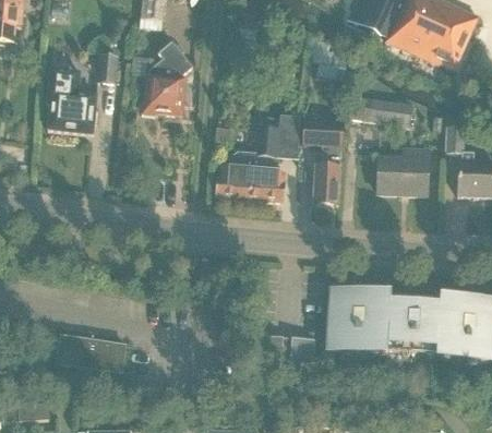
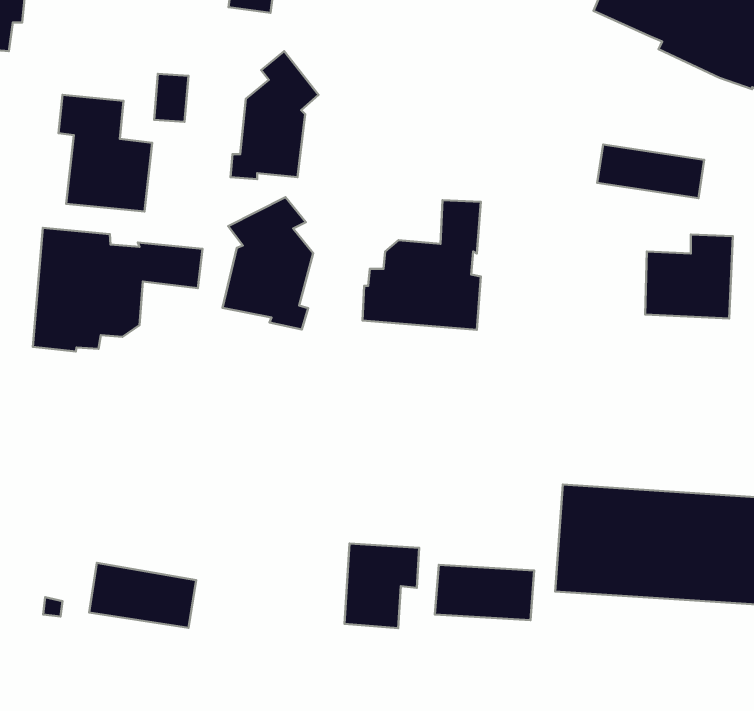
building: [303,118,344,203] -> none
building: none -> [222,197,313,330]
building: none -> [33,228,203,351]
building: none -> [345,544,419,628]

